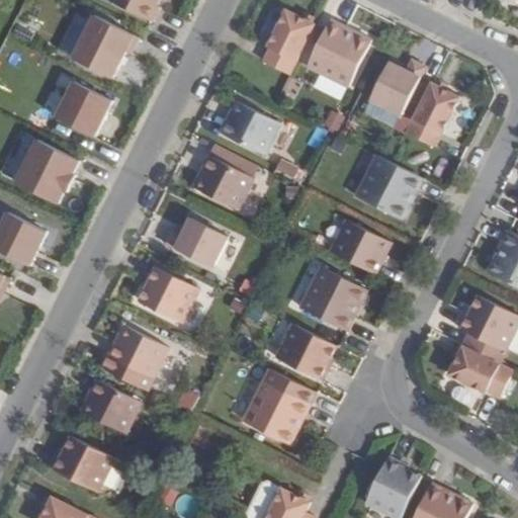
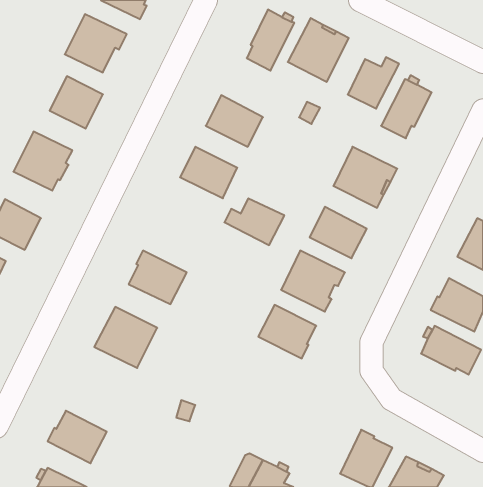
building: [163,219,227,268] -> [224,198,284,245]
building: [242,369,315,444] -> none
building: [79,379,140,434] -> none

